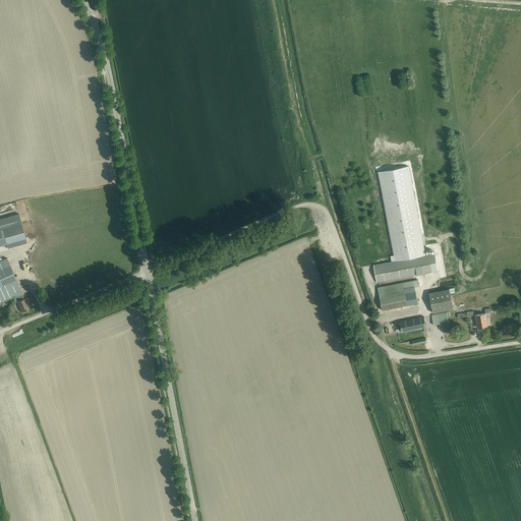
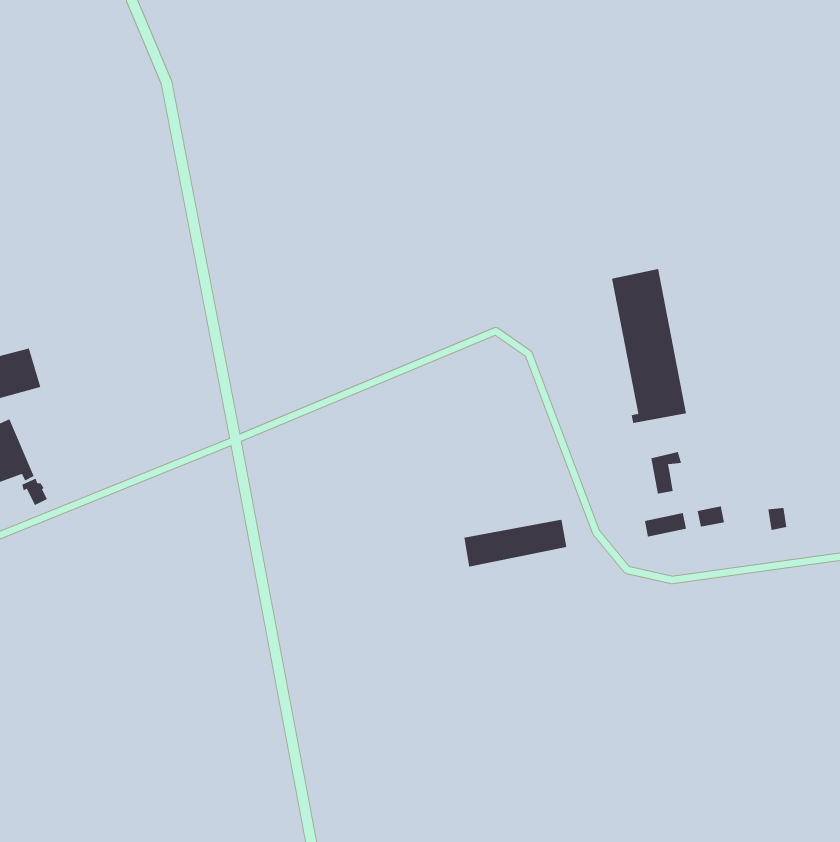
building: [372,253,437,283] -> [463,519,567,567]
building: [377,283,406,310] -> none
building: [427,289,452,313] -> none

